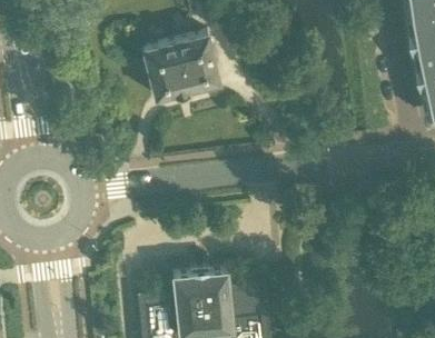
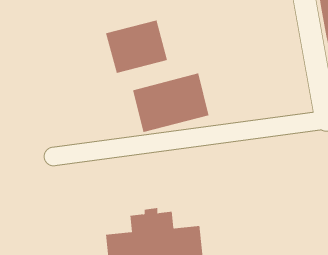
building: none -> [132,73,209,133]

